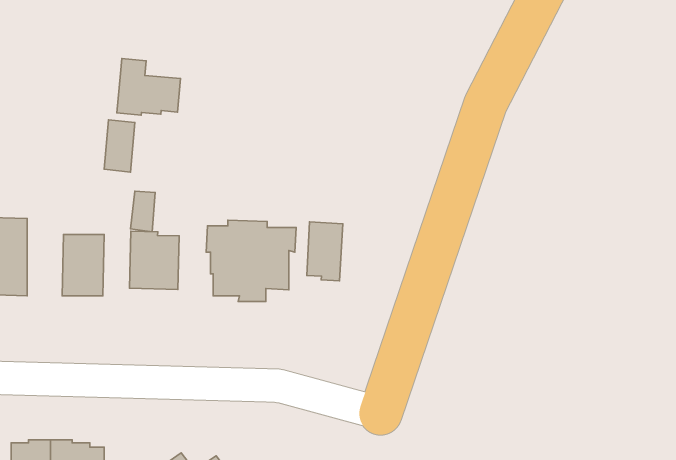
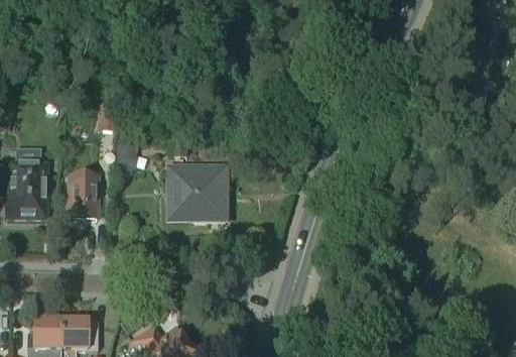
building: [117,59,180,115] -> none
building: [307,222,343,281] -> none
building: [130,231,179,289] -> none

